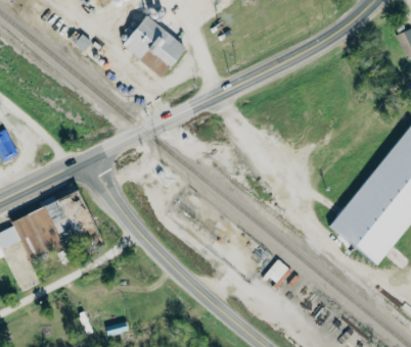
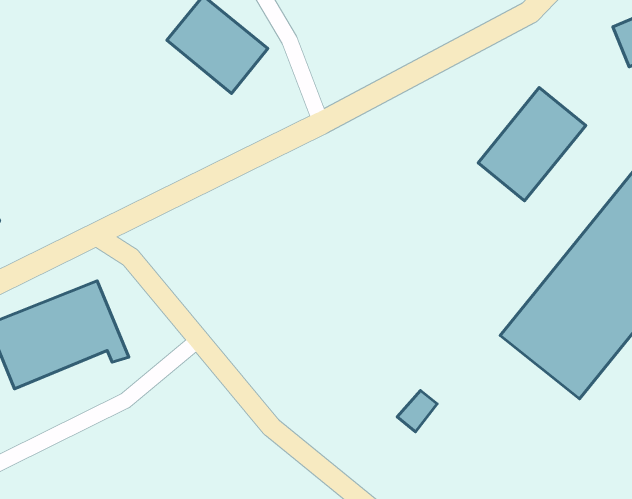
building: none -> [478,87,586,201]

